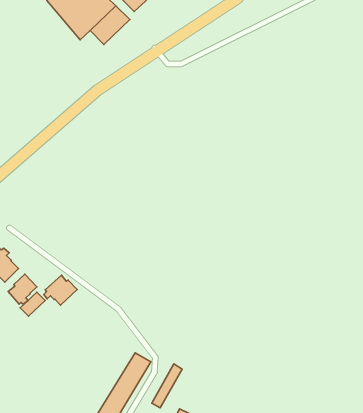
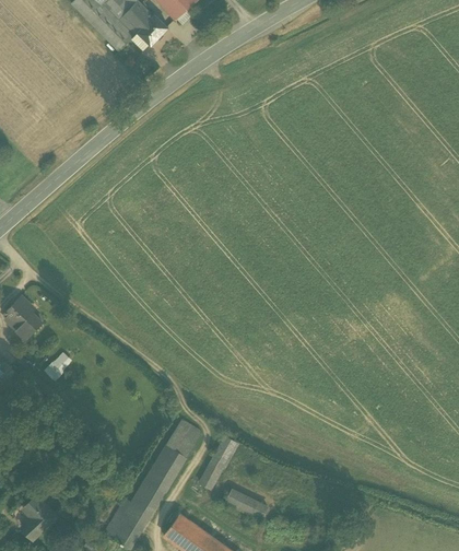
building: [8,274,37,304] -> none
building: [44,275,77,305] -> none

